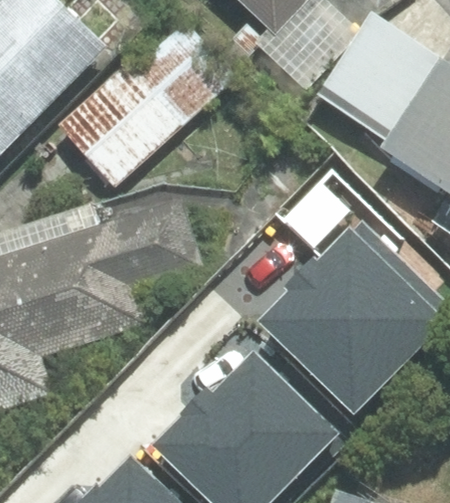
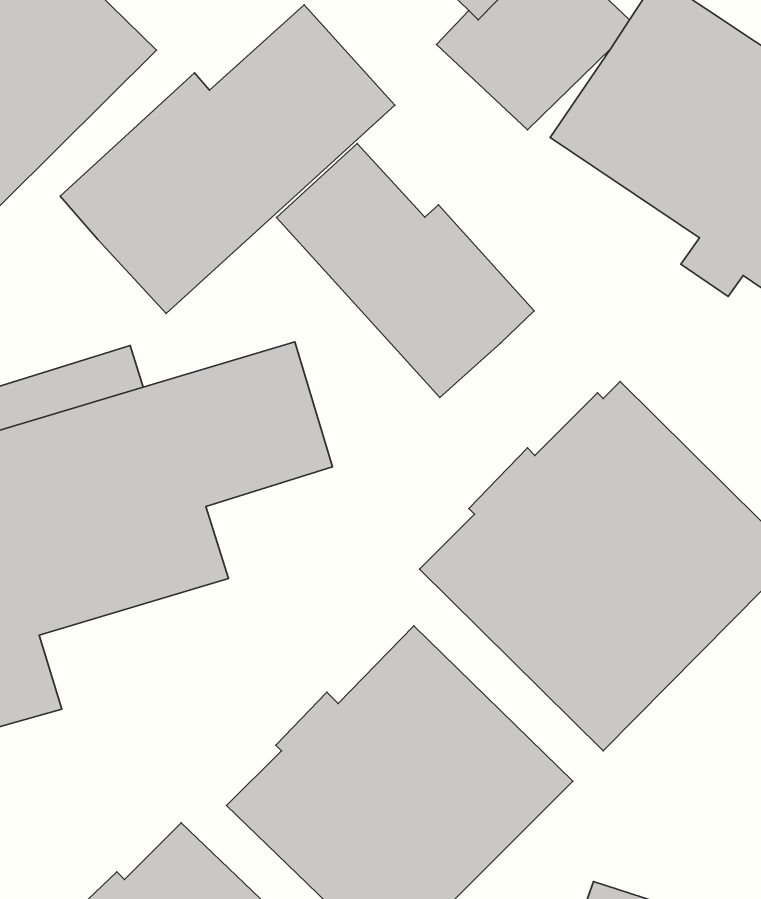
building: none -> [276,144,534,397]

